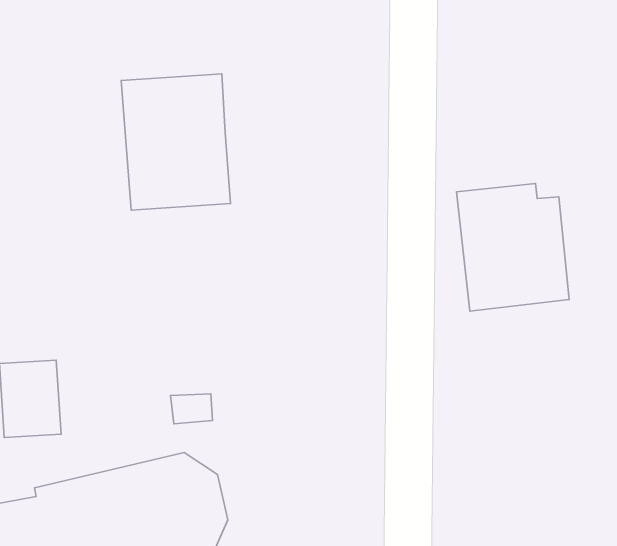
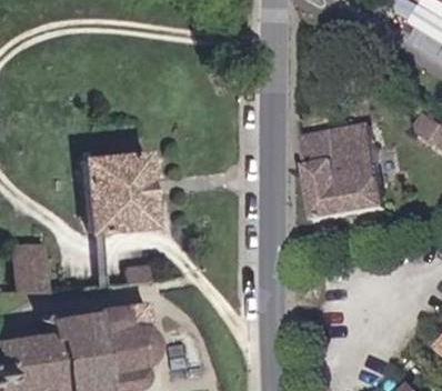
building: [121,74,230,210] -> [77,151,149,241]

